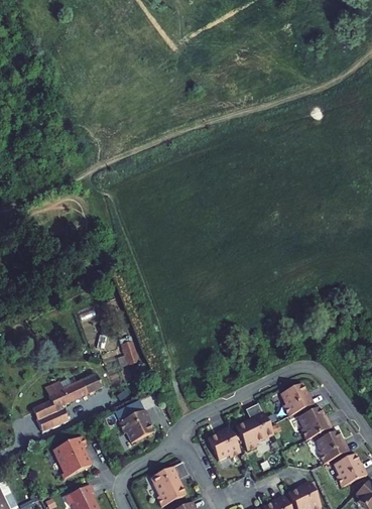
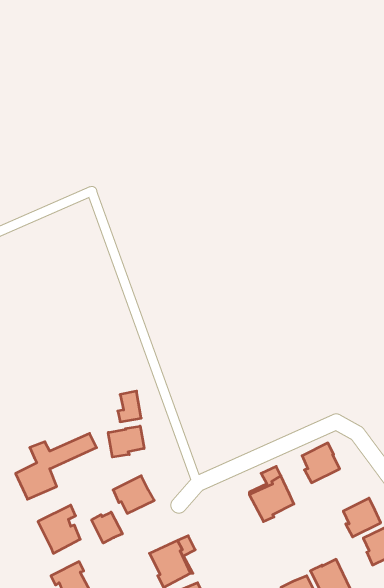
building: none -> [108,426,144,457]
building: [297,405,331,439] -> none
building: [208,427,241,460] -> none
building: none -> [92,512,122,543]

